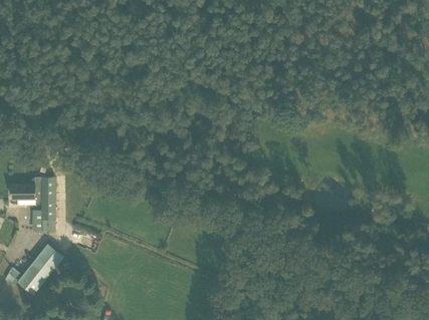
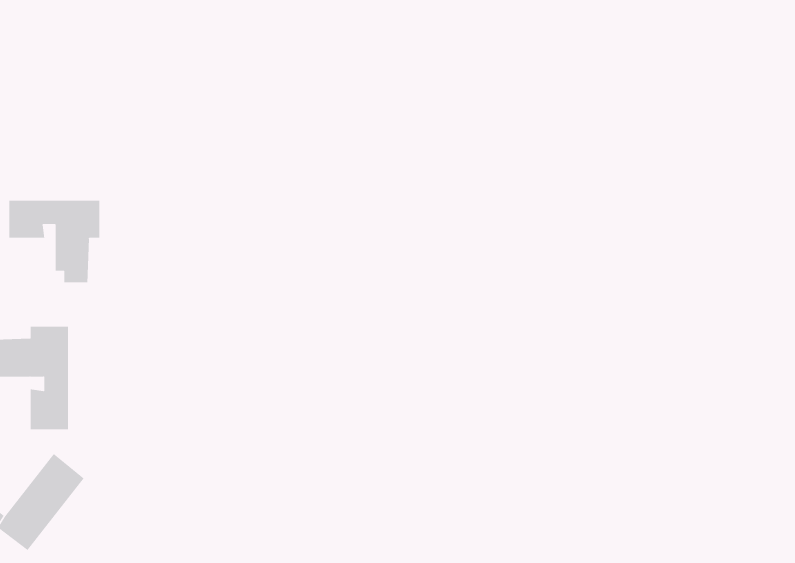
building: none -> [9,200,100,283]

